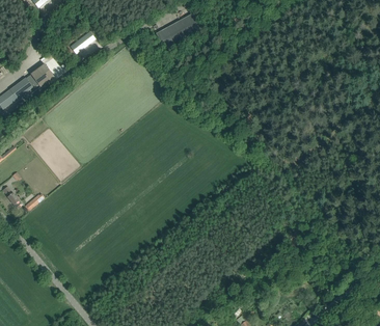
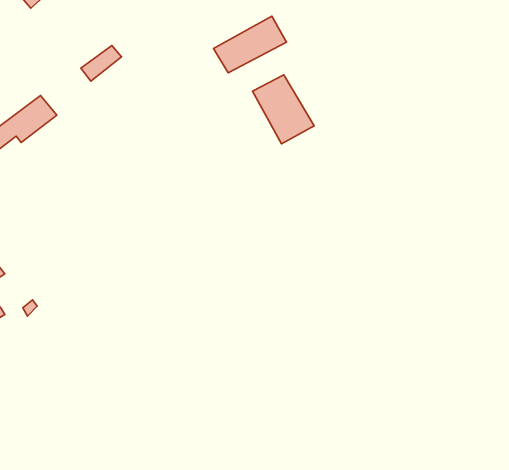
building: none -> [252,75,314,144]

